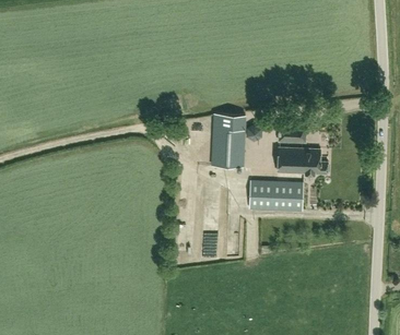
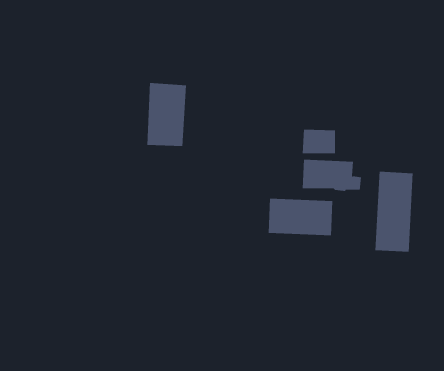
building: [212,113,246,167] -> [147,82,187,146]
building: none -> [375,171,413,253]

